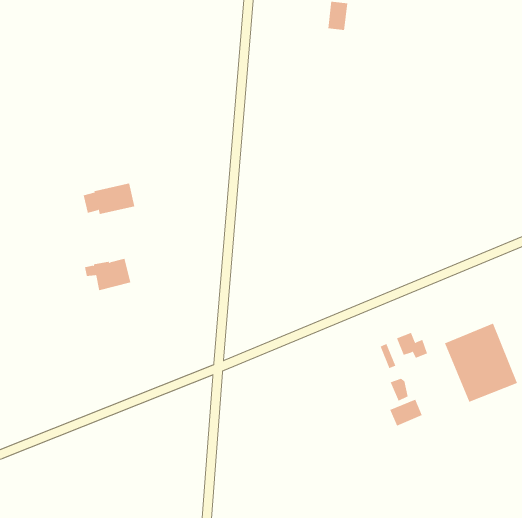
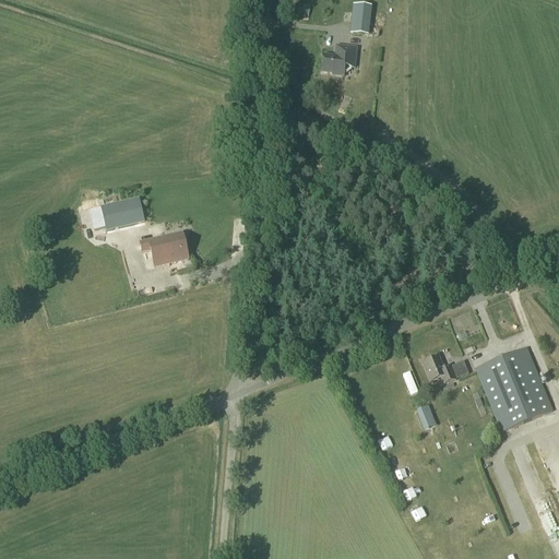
building: none -> [322,44,356,73]
building: [84,258,131,291] -> [140,230,190,265]
building: [390,399,423,426] -> none

